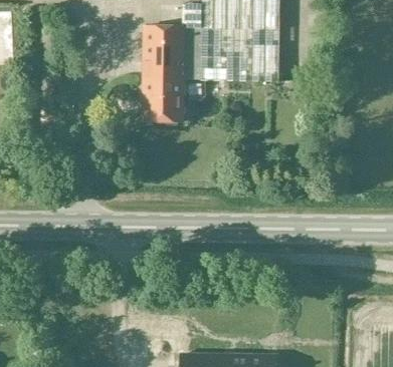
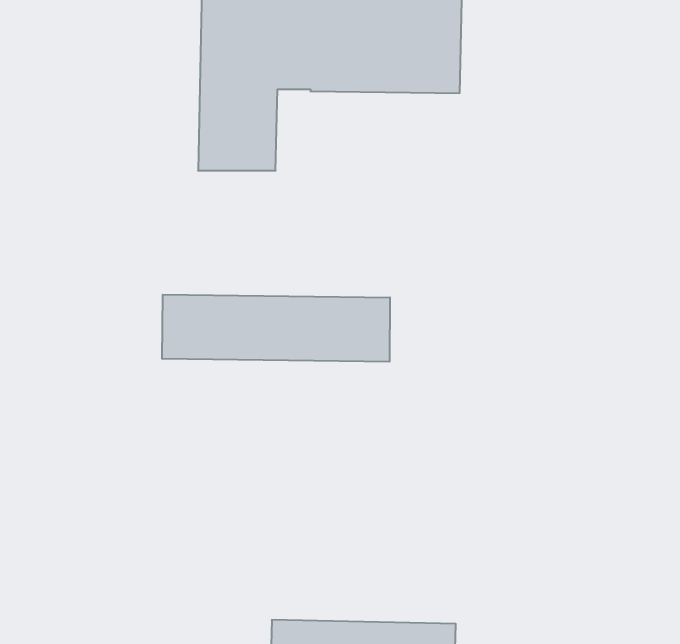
building: none -> [162,295,390,362]

